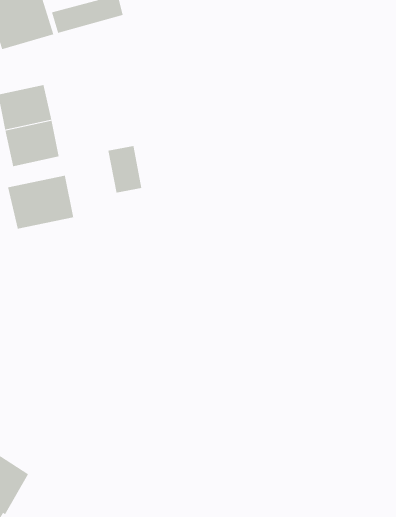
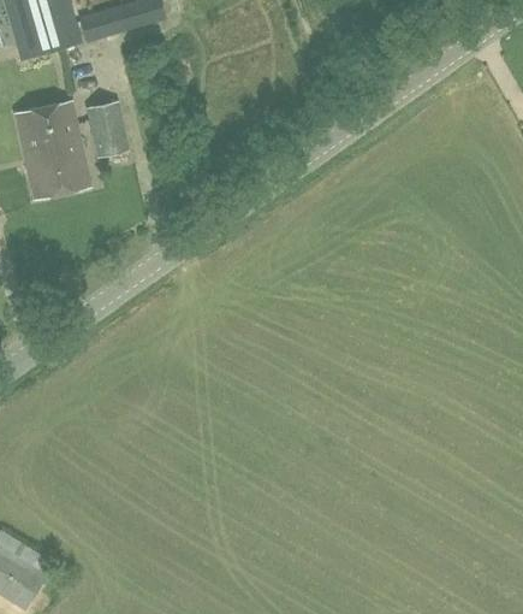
building: [108,145,142,193] -> [87,101,127,158]
building: [8,175,74,229] -> none

